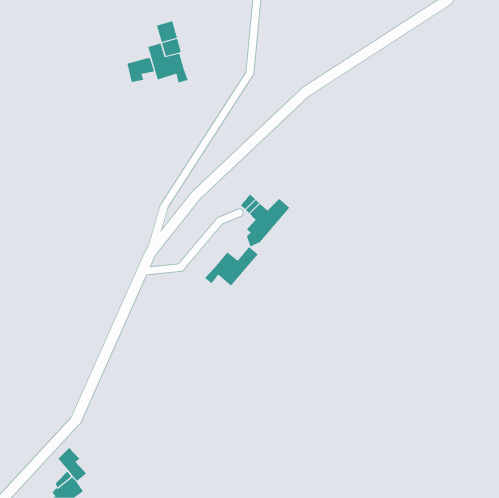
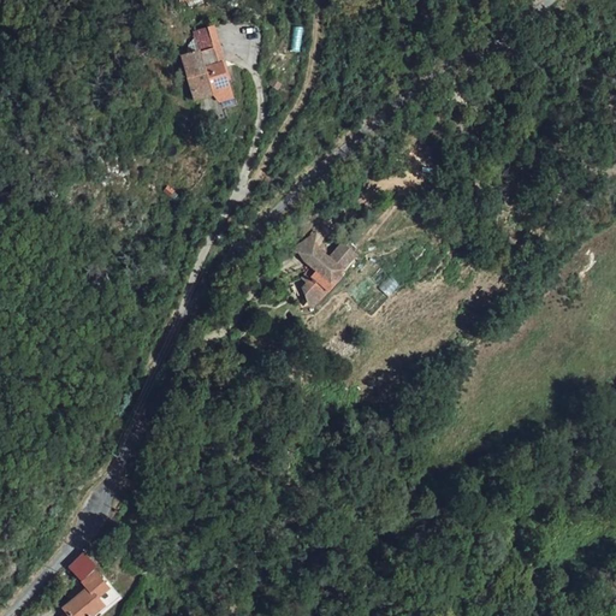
building: [127,57,155,83] -> none
building: [204,246,258,287] -> none

